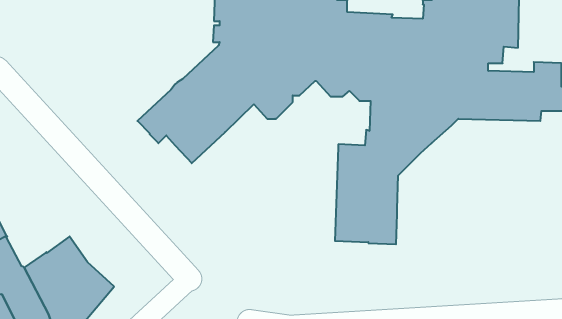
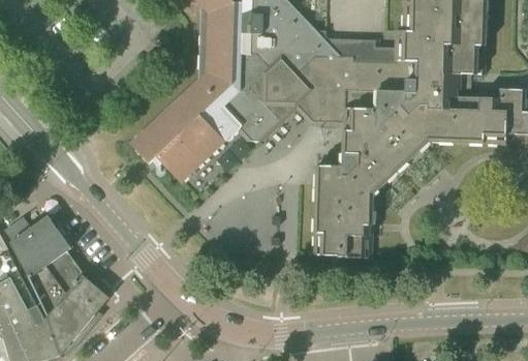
building: none -> [9,214,71,279]

